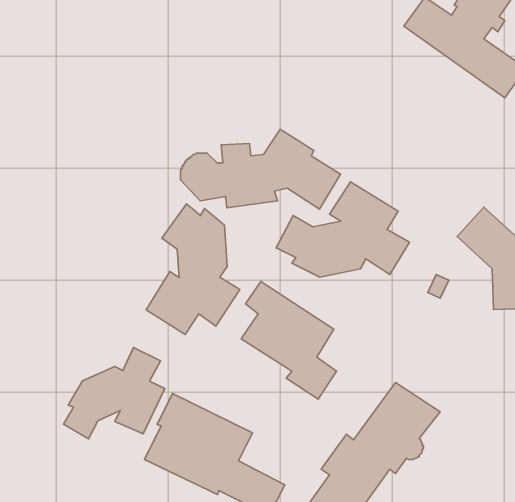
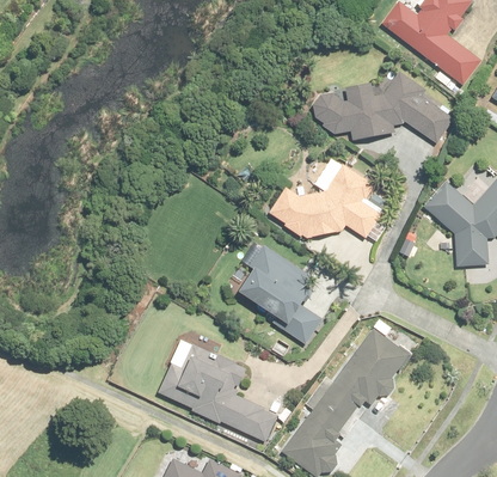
building: [181,129,341,209] -> [313,73,449,141]
building: [146,204,240,335] -> none
building: [63,347,165,439] -> none

